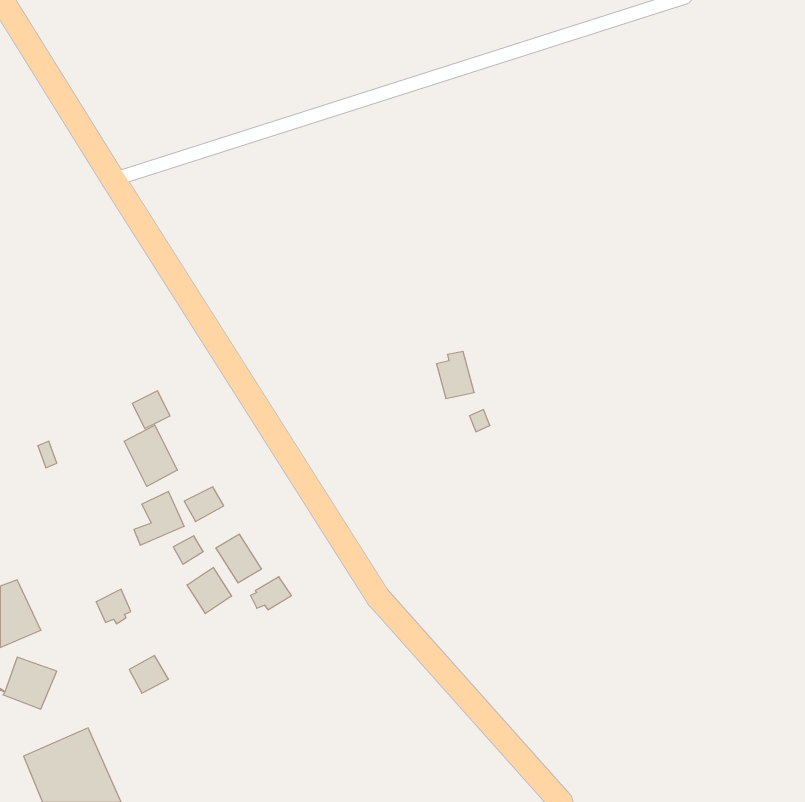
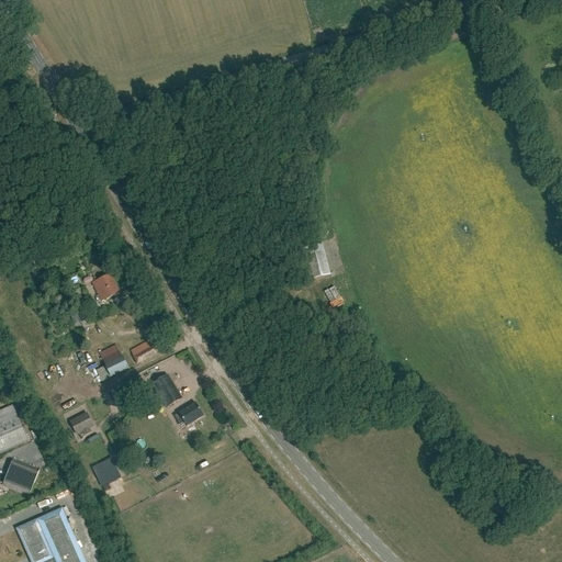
building: [124,425,177,486] -> none
building: [187,567,232,614] -> none

